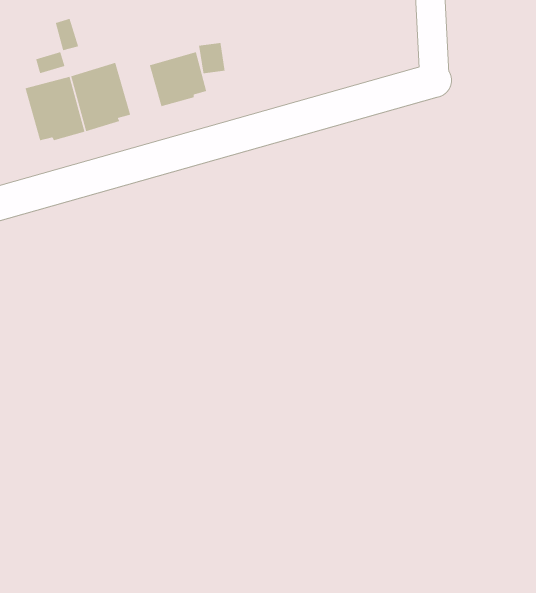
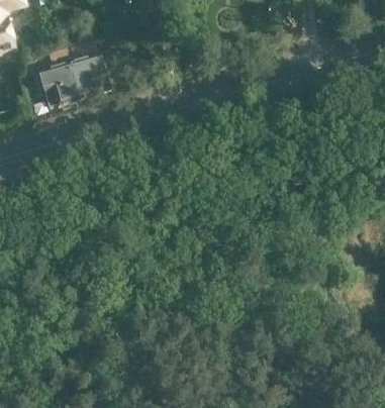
building: [149,51,207,107] -> none

